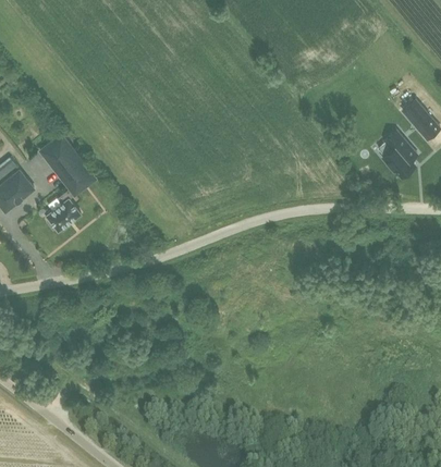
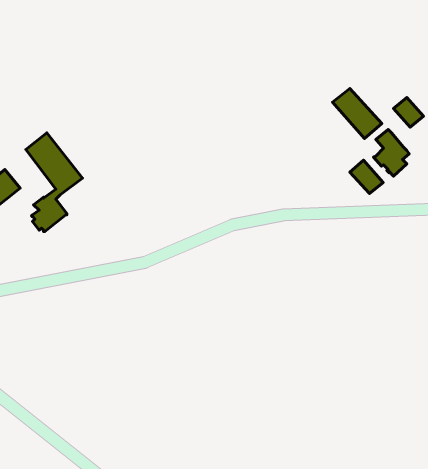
building: none -> [333,88,382,139]
building: none -> [350,160,383,194]

